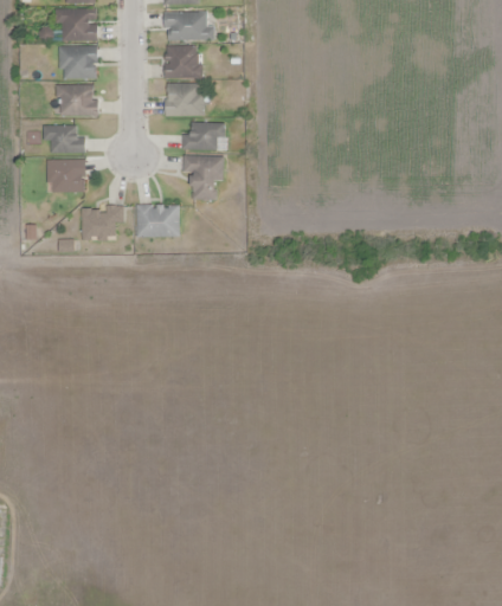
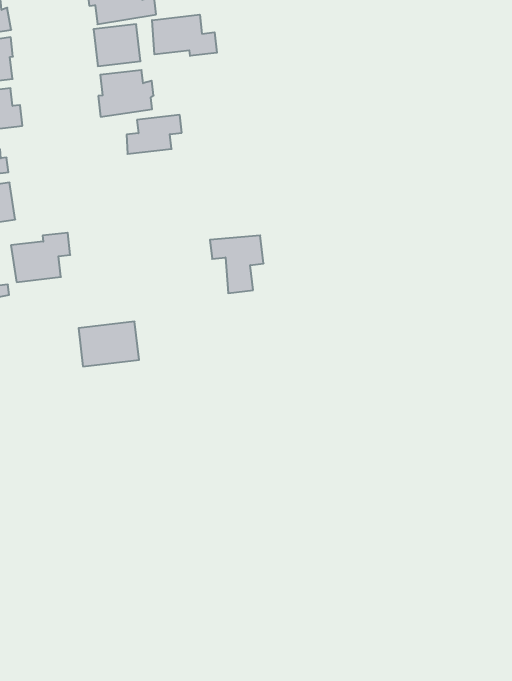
building: none -> [152,15,217,56]
building: [182,156,223,200] -> [210,235,264,293]
building: [136,205,181,236] -> [79,322,139,366]

